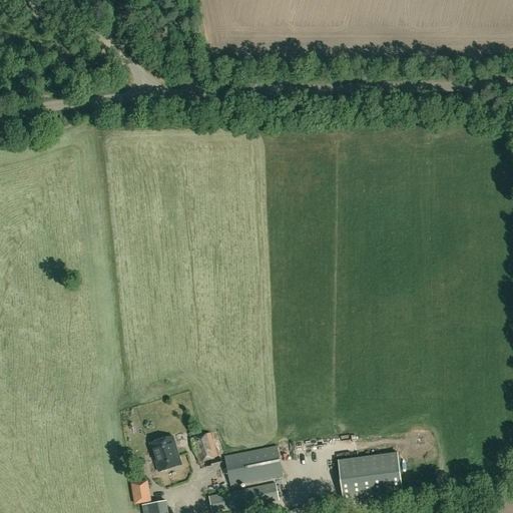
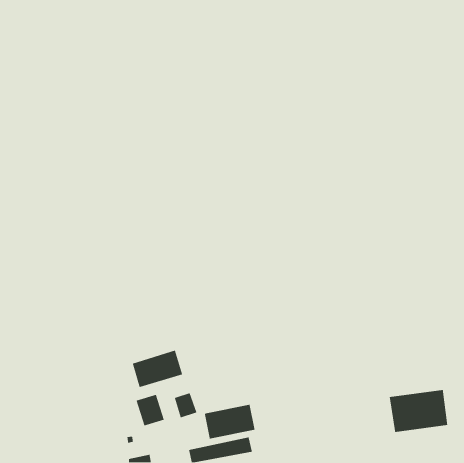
building: none -> [132,349,183,388]
building: [337,451,402,499] -> [389,389,448,433]

